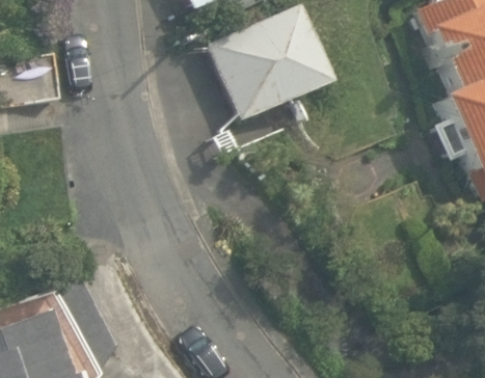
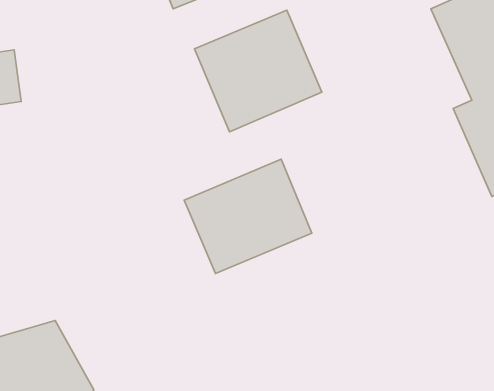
building: none -> [184,159,312,274]

